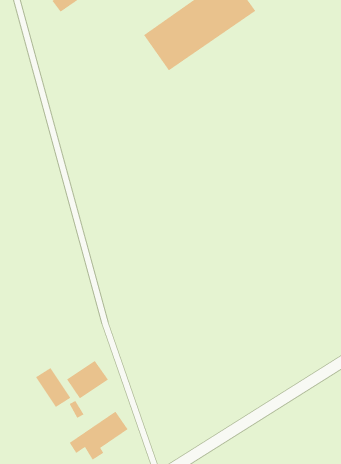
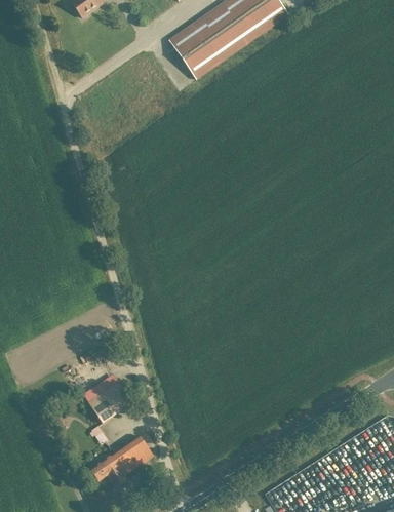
building: [35,367,71,408] -> none

